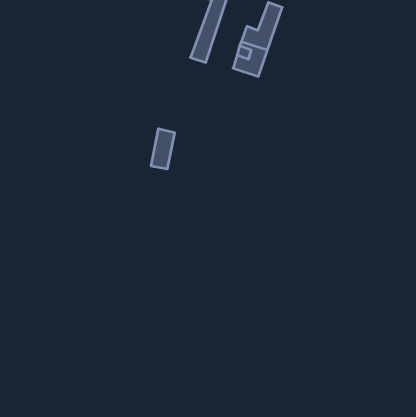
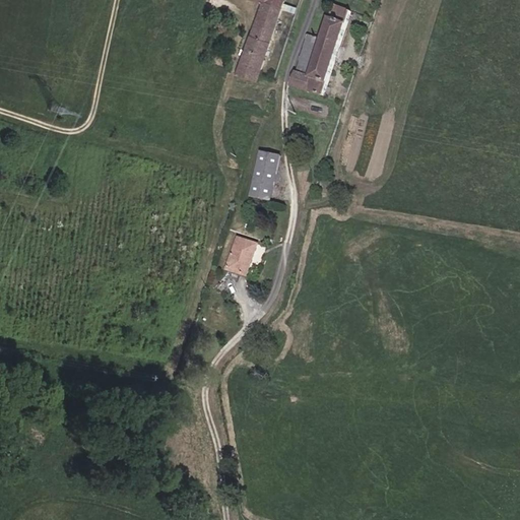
building: [151,129,175,169] -> [248,148,277,198]
building: none -> [224,236,255,273]

